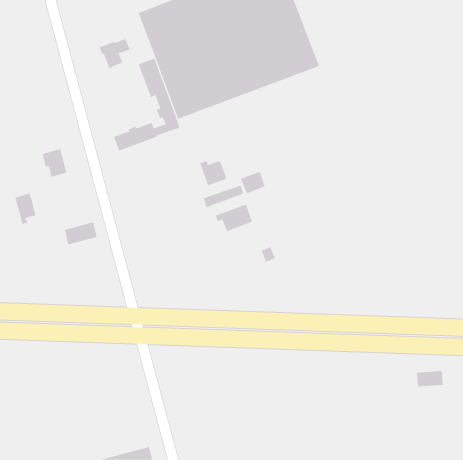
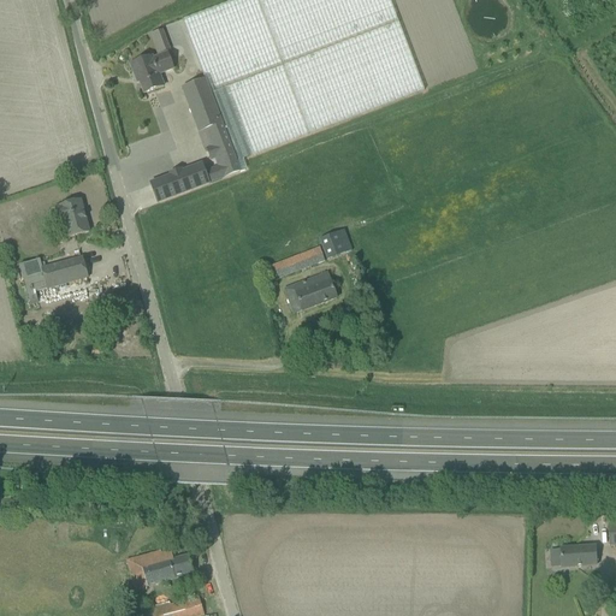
building: [199,160,227,186] -> none
building: [64,222,98,245] -> [43,255,88,286]
building: [416,371,443,387] -> [561,544,597,565]
building: none -> [128,546,194,587]

